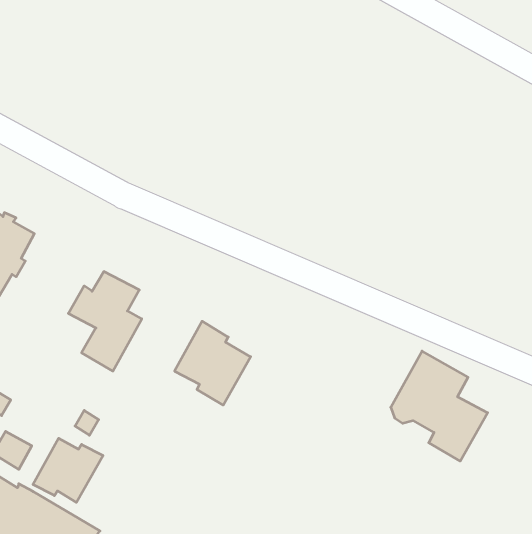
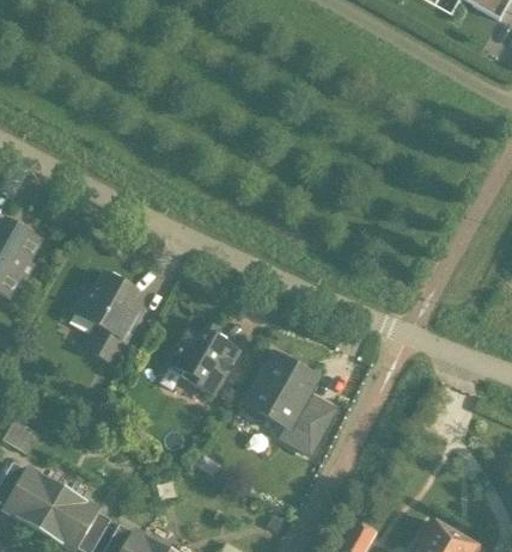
building: [391,351,488,461] -> [246,354,335,454]
building: [33,438,103,502] -> none

